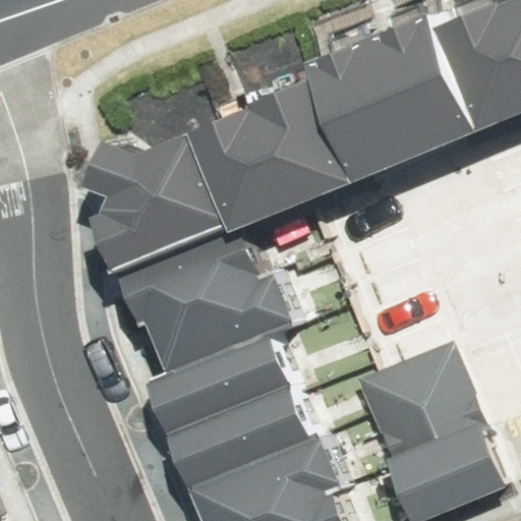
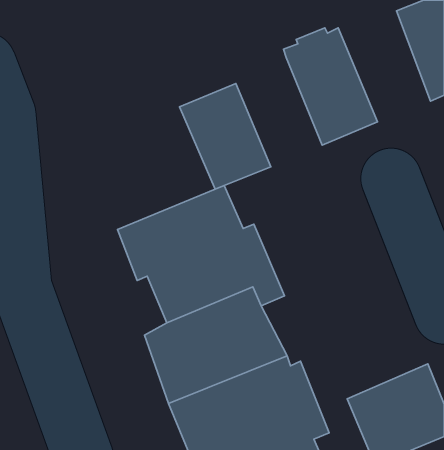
building: [384,14,488,148] -> none
building: [268,74,365,198] -> none
building: [105,130,244,270] -> none
building: [357,340,485,462] -> none

